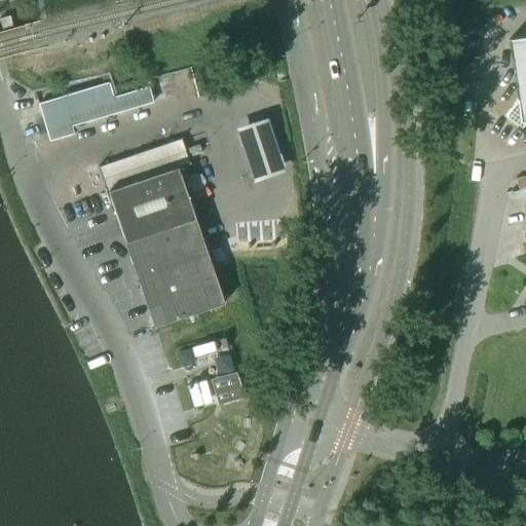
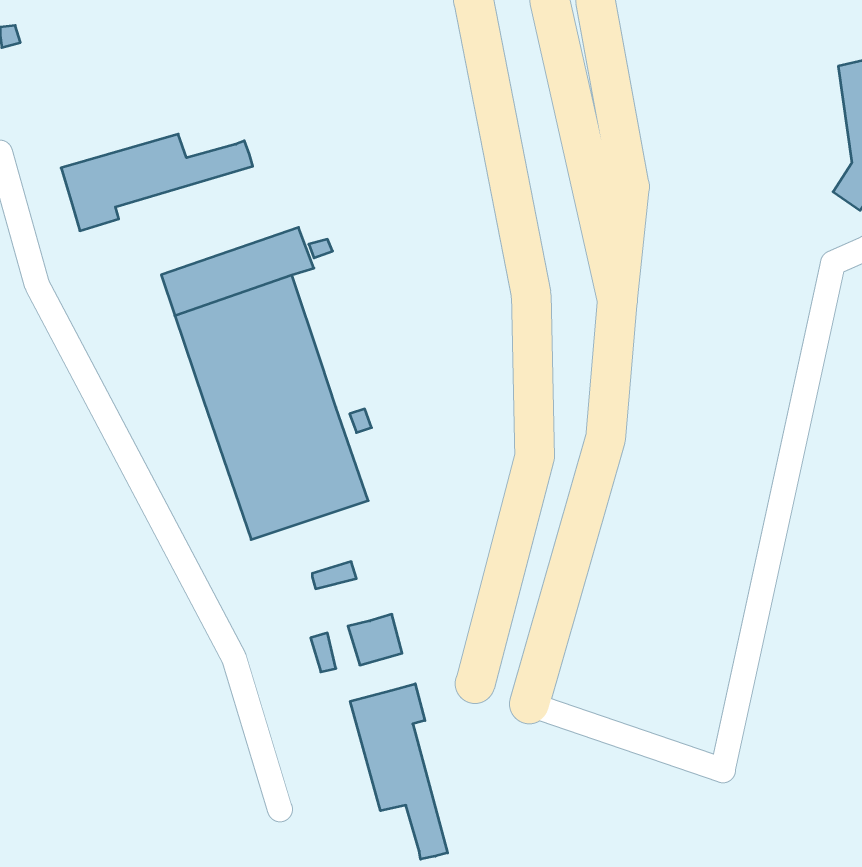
building: [237,117,288,182] -> none
building: none -> [350,684,448,859]

